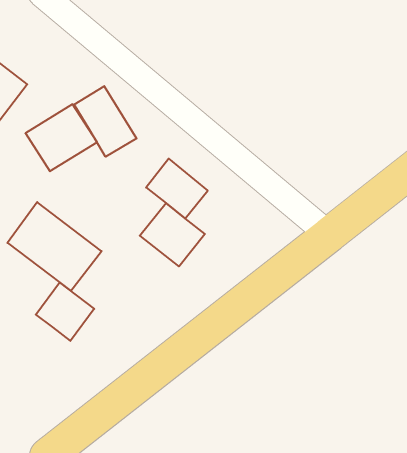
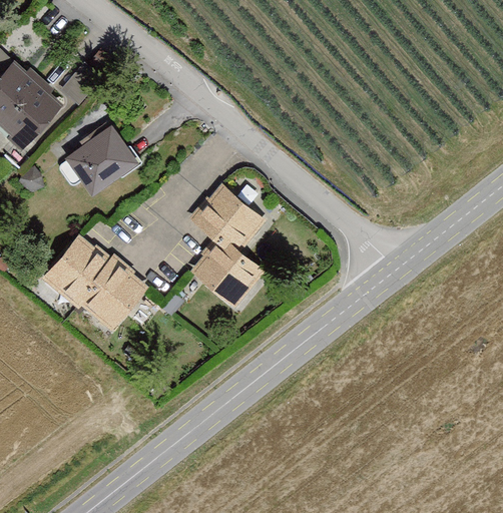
building: [74,86,137,157] -> none
building: [36,283,94,341] -> none

